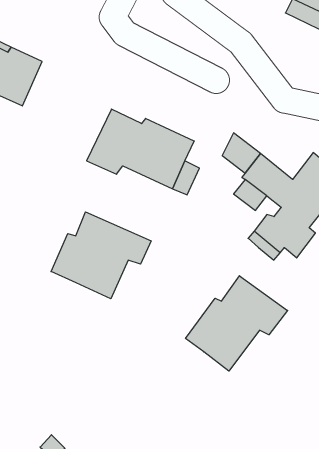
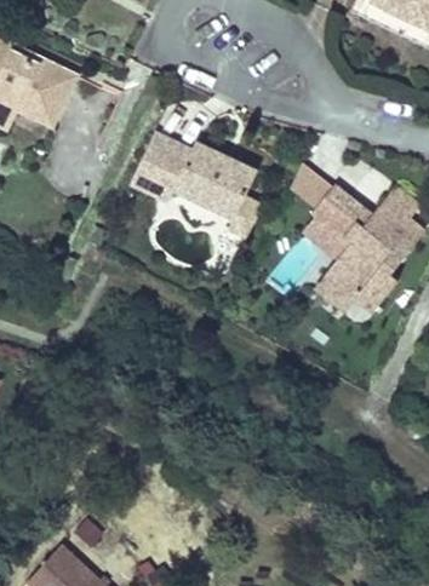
building: [51,212,151,299] -> none
building: [186,276,288,371] -> none

